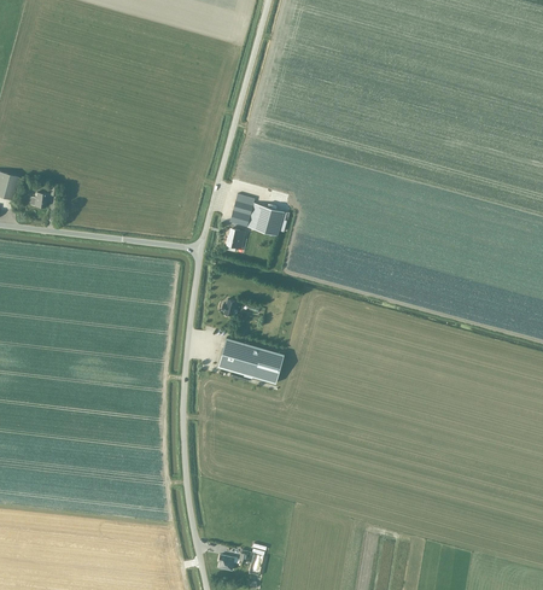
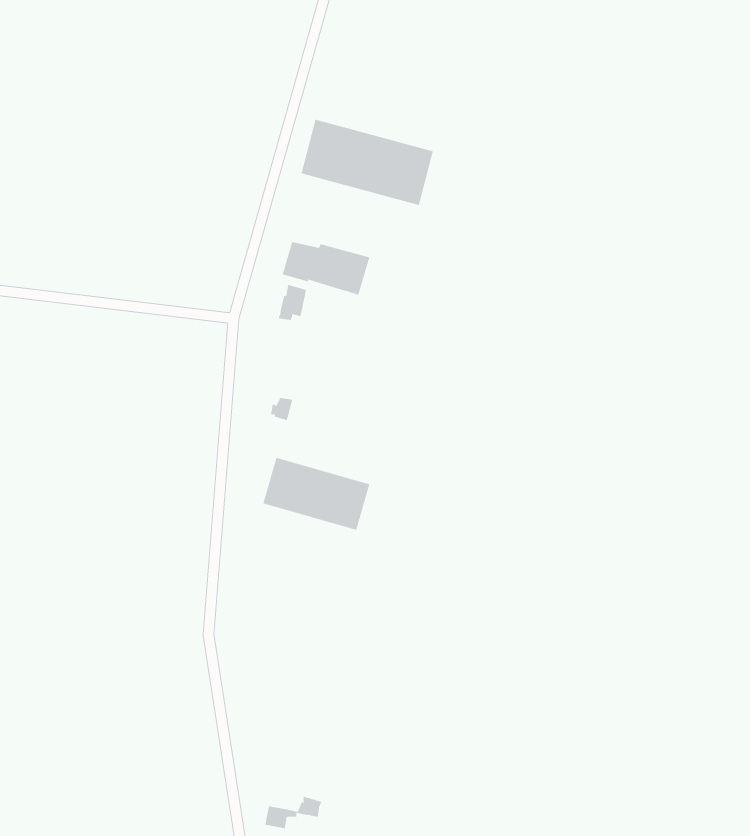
building: none -> [301,119,433,206]

